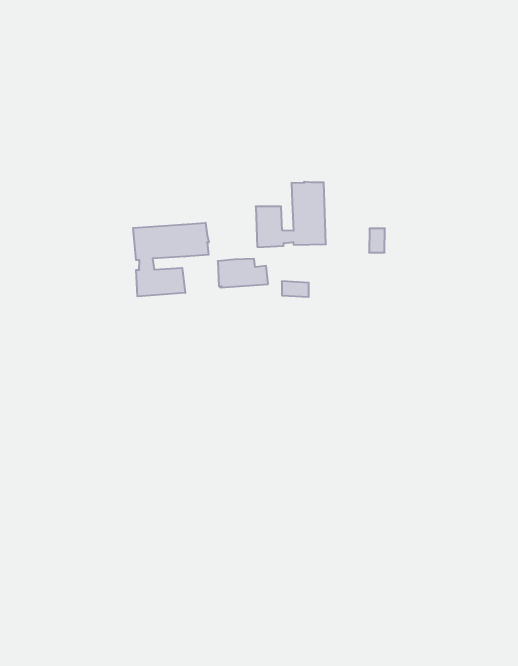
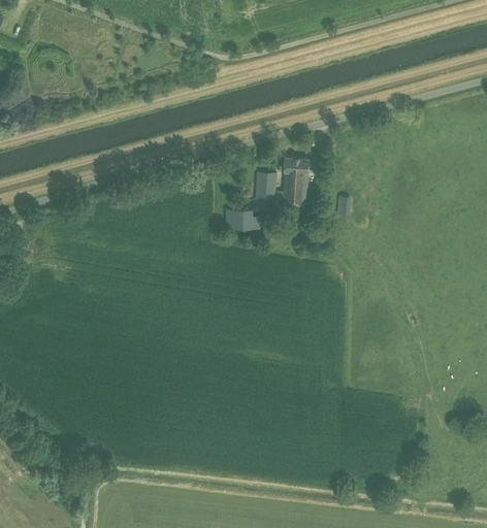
building: [133,223,209,296] -> none

